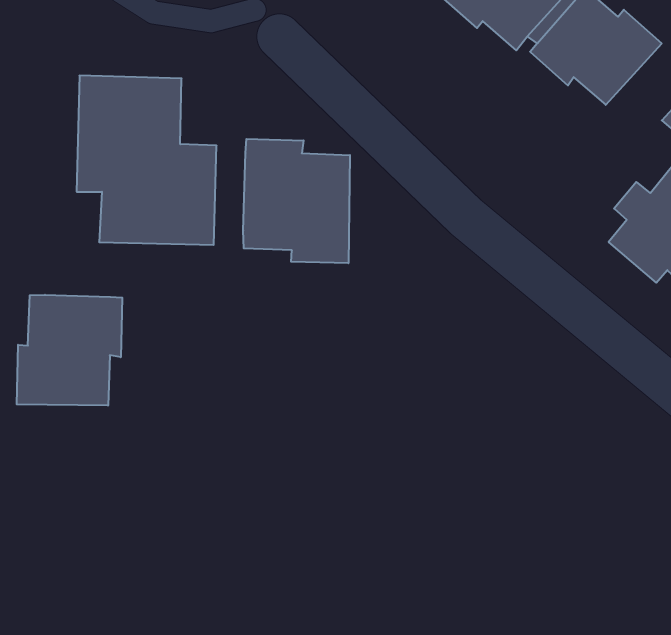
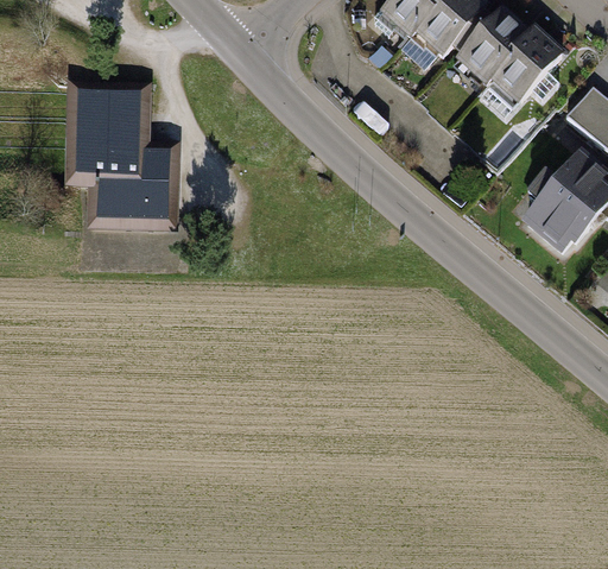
building: [243,139,350,263] -> none
building: [17,295,122,406] -> none

